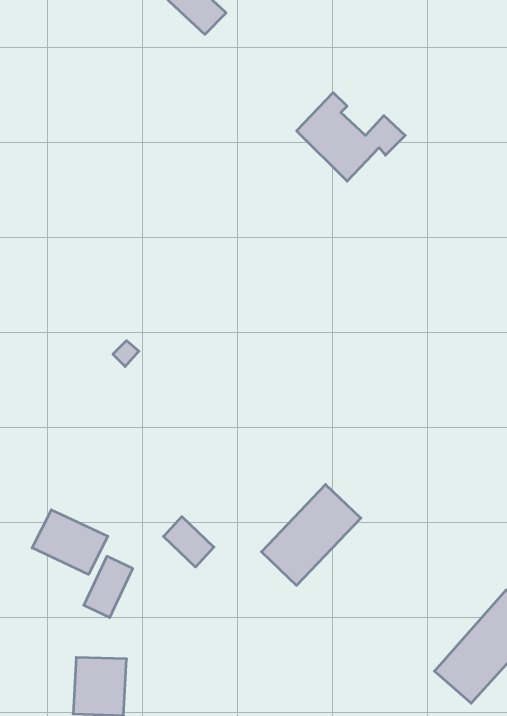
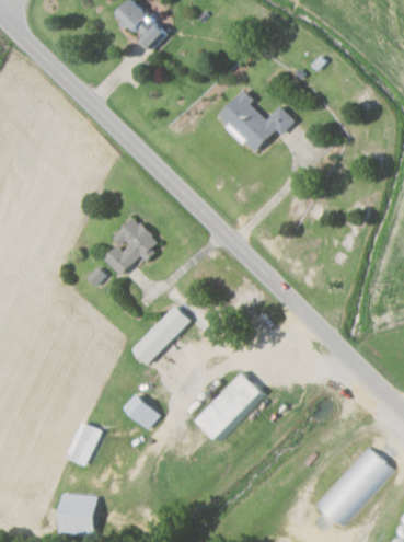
building: none -> [104,217,161,276]
building: none -> [130,305,191,364]
building: [32,510,108,574] -> none

